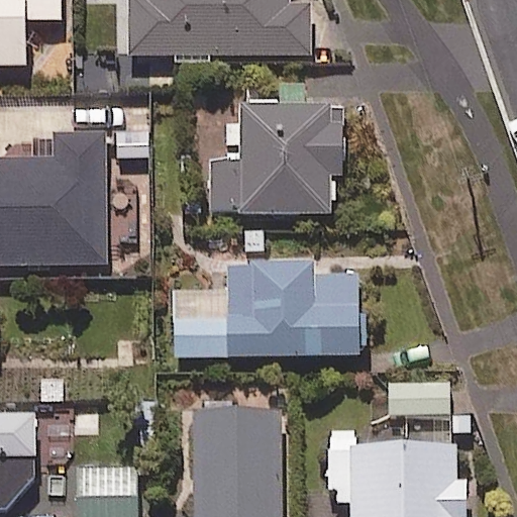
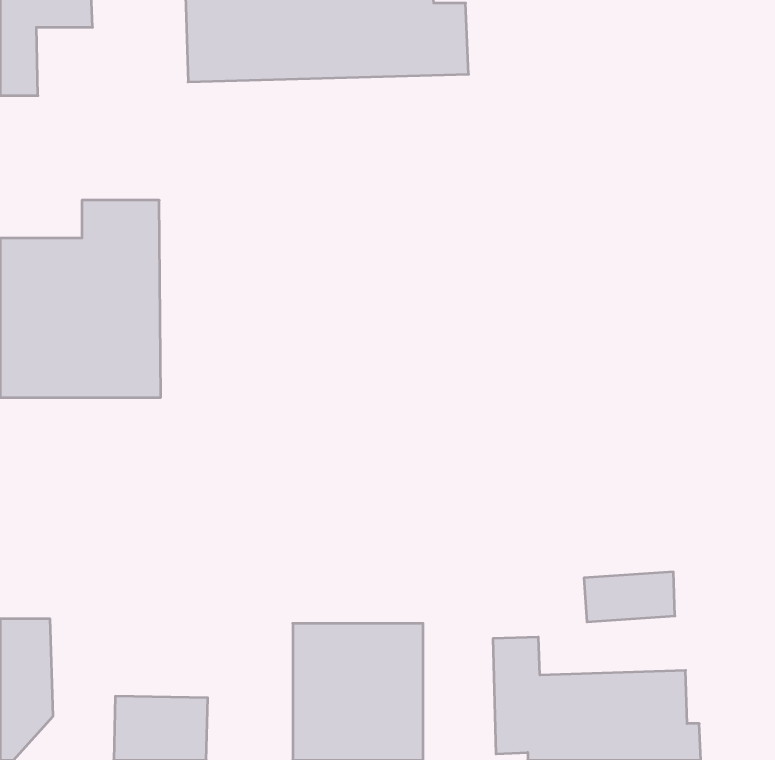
building: [209,84,343,214] -> none
building: [173,266,359,359] -> none

